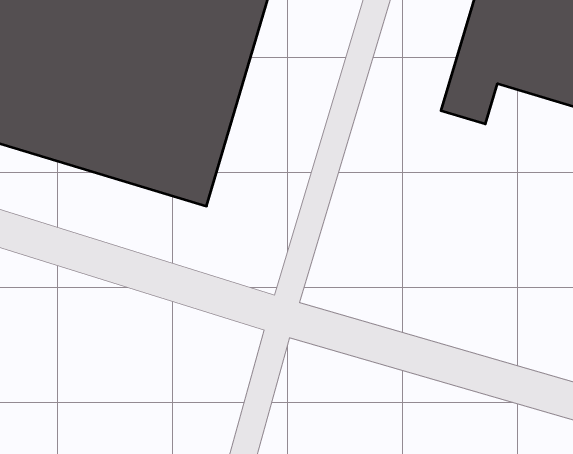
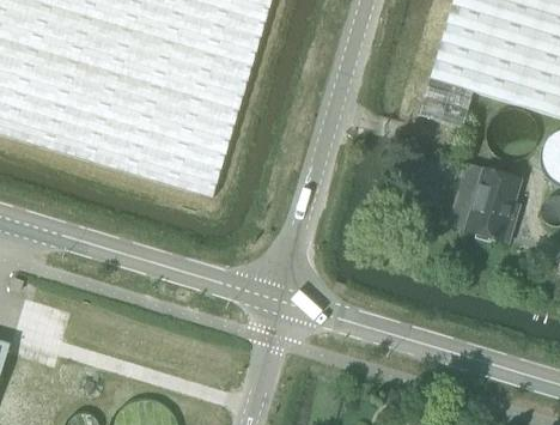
building: none -> [445,163,521,243]

